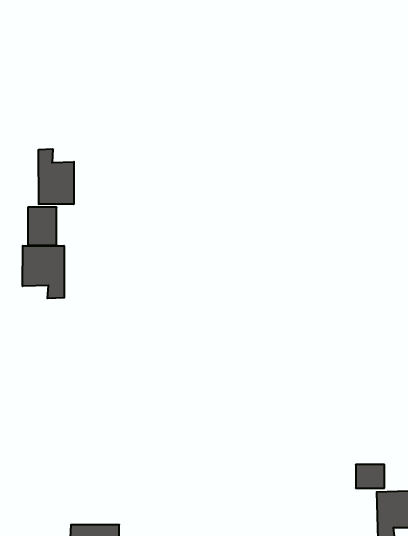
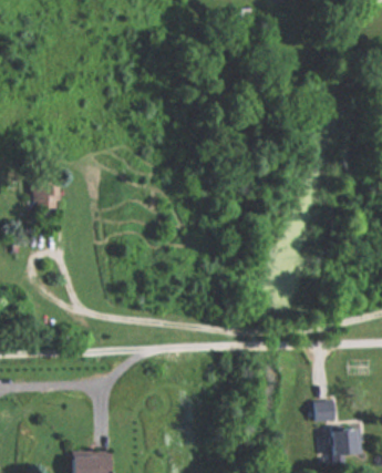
building: [39,149,74,204] -> none
building: [23,246,64,298] -> none

